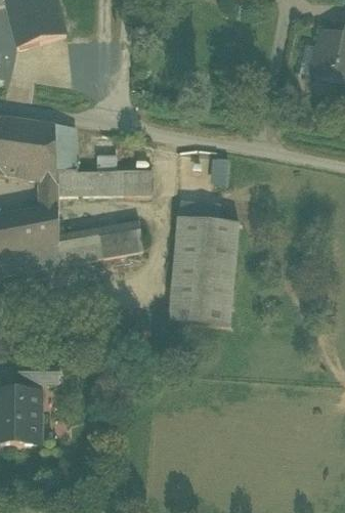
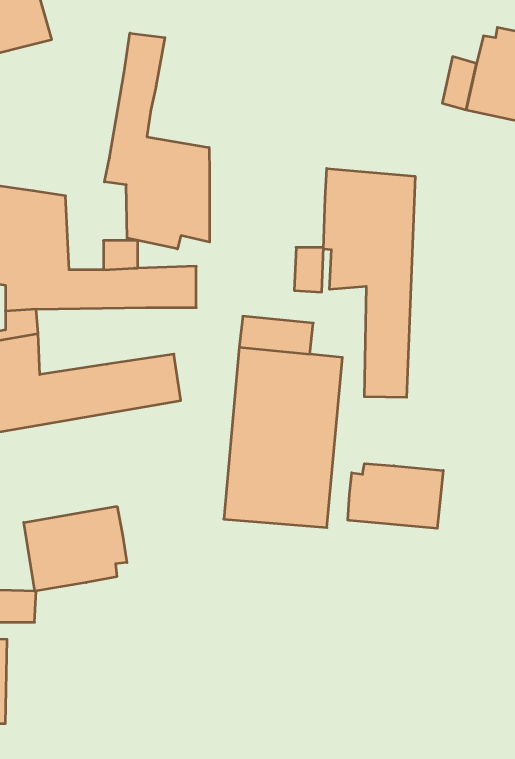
building: none -> [104,33,210,249]
building: none -> [323,168,415,397]
building: none -> [348,464,443,528]
building: none -> [24,507,127,591]

